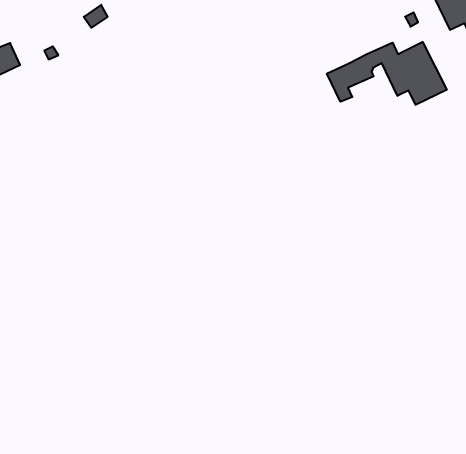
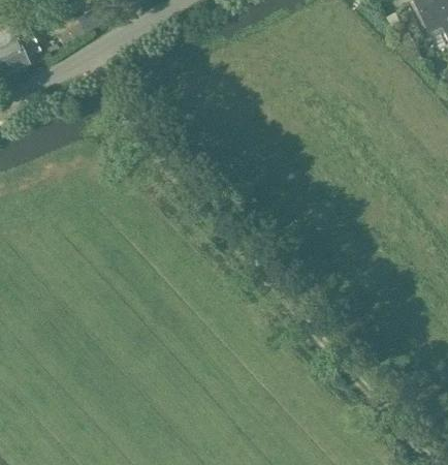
building: [327,42,447,105] -> none

